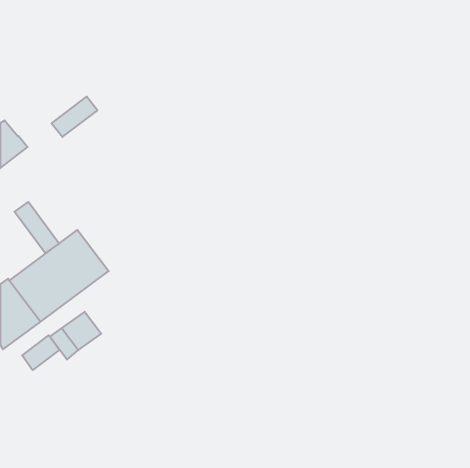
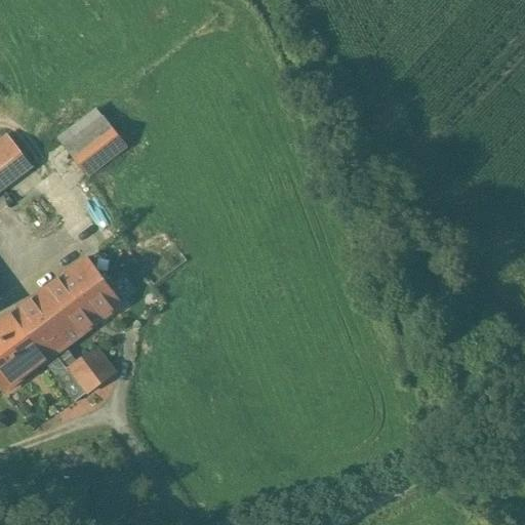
building: none -> [70,123,125,174]
building: [14,202,59,253] -> none
building: [22,335,59,370] -> none

